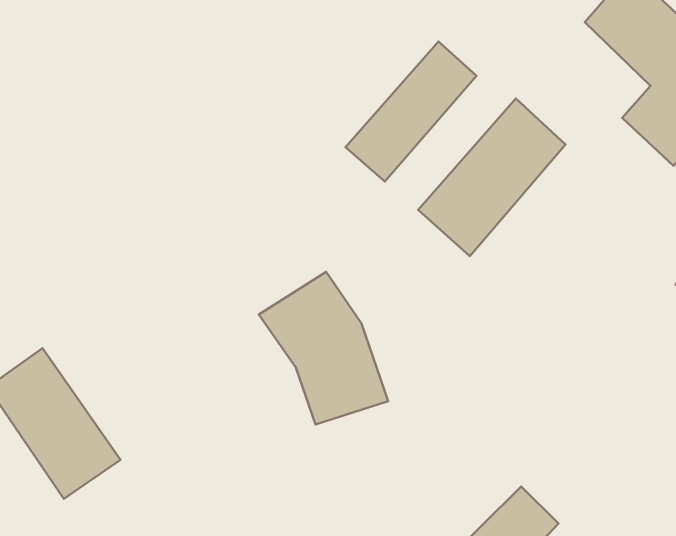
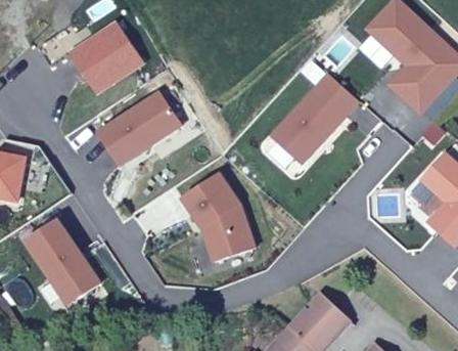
building: none -> [68,19,142,91]
building: [345,42,477,181] -> none
building: none -> [96,90,180,163]

